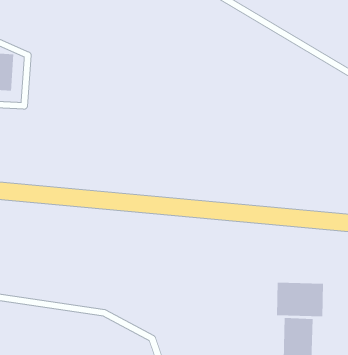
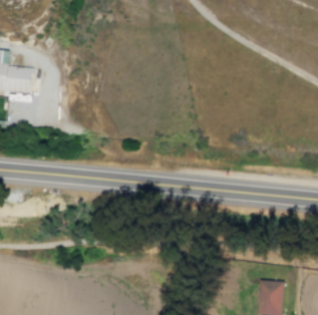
building: [276,282,323,317] -> none

